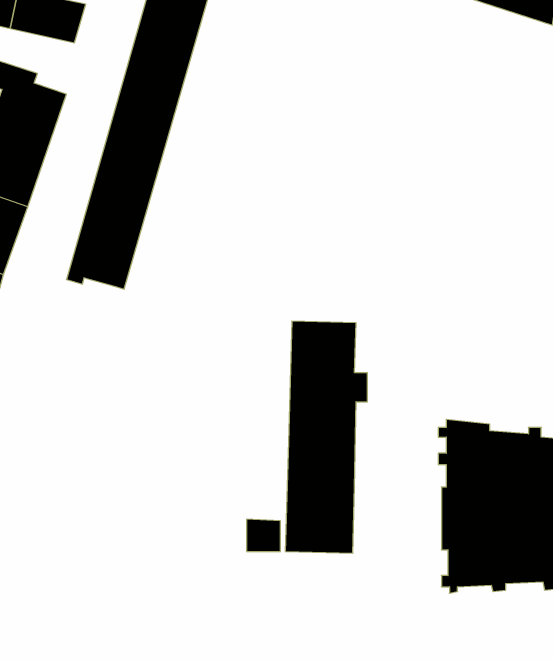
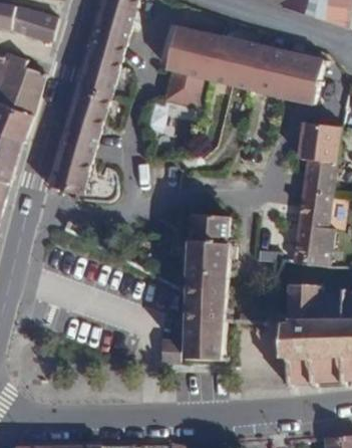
building: none -> [162,27,322,107]
building: none -> [287,123,345,267]

